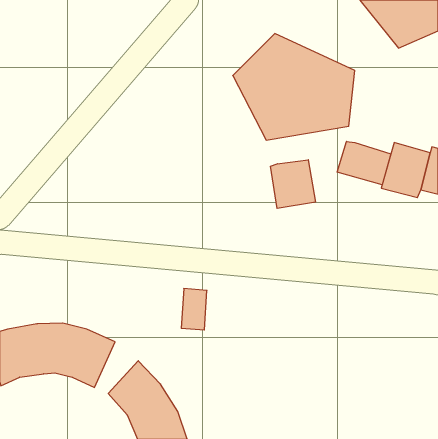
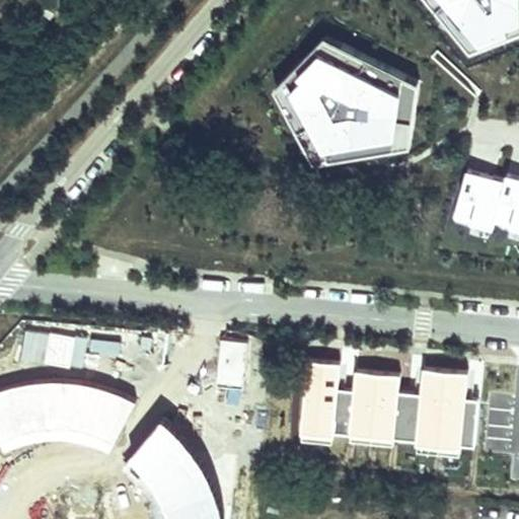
building: [337,141,391,185] -> none
building: [271,160,315,208] -> none
building: none -> [298,358,477,457]

